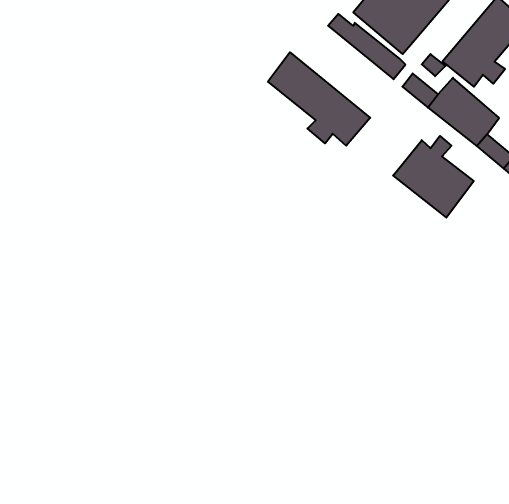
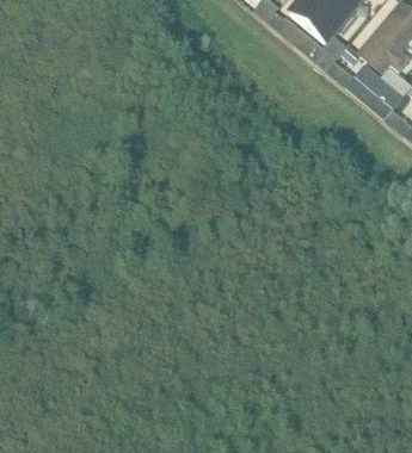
building: [268,52,370,146] -> none
building: [393,136,474,218] -> none

